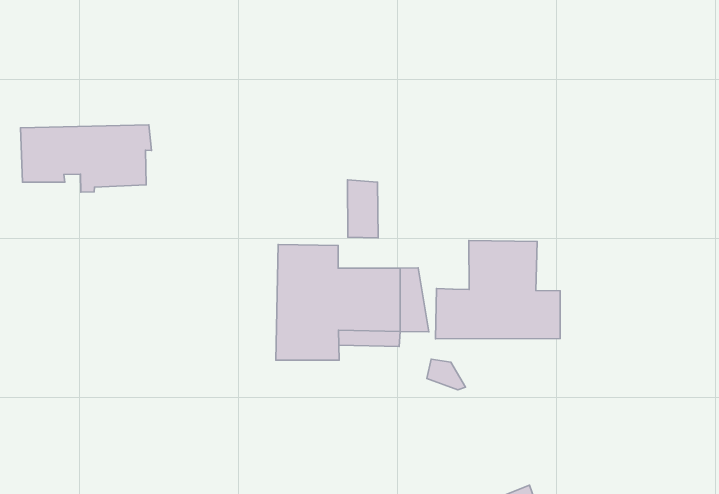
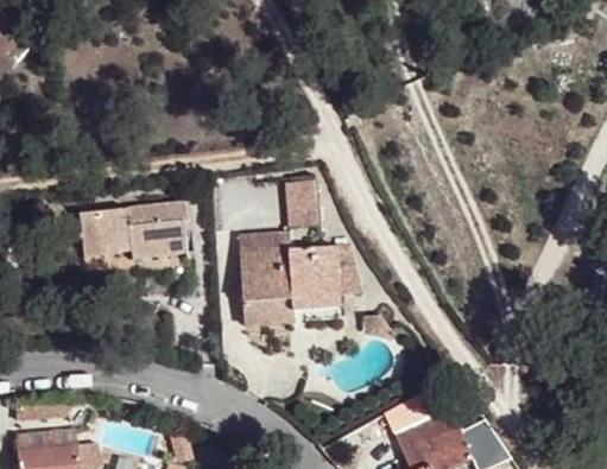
building: [20,125,151,192] -> [81,202,185,259]
building: [435,241,560,339] -> none

